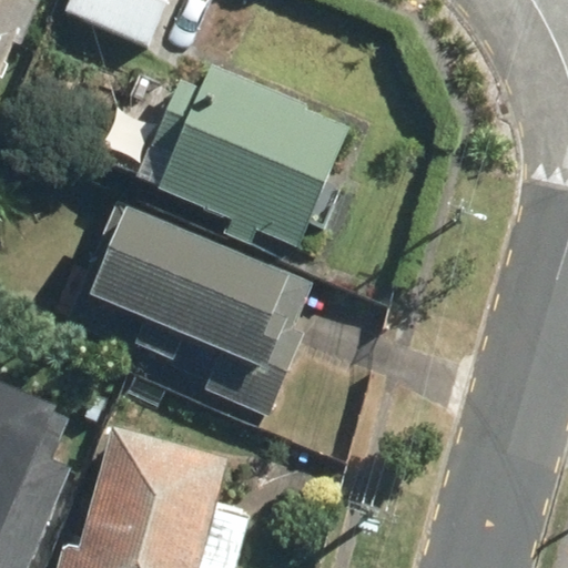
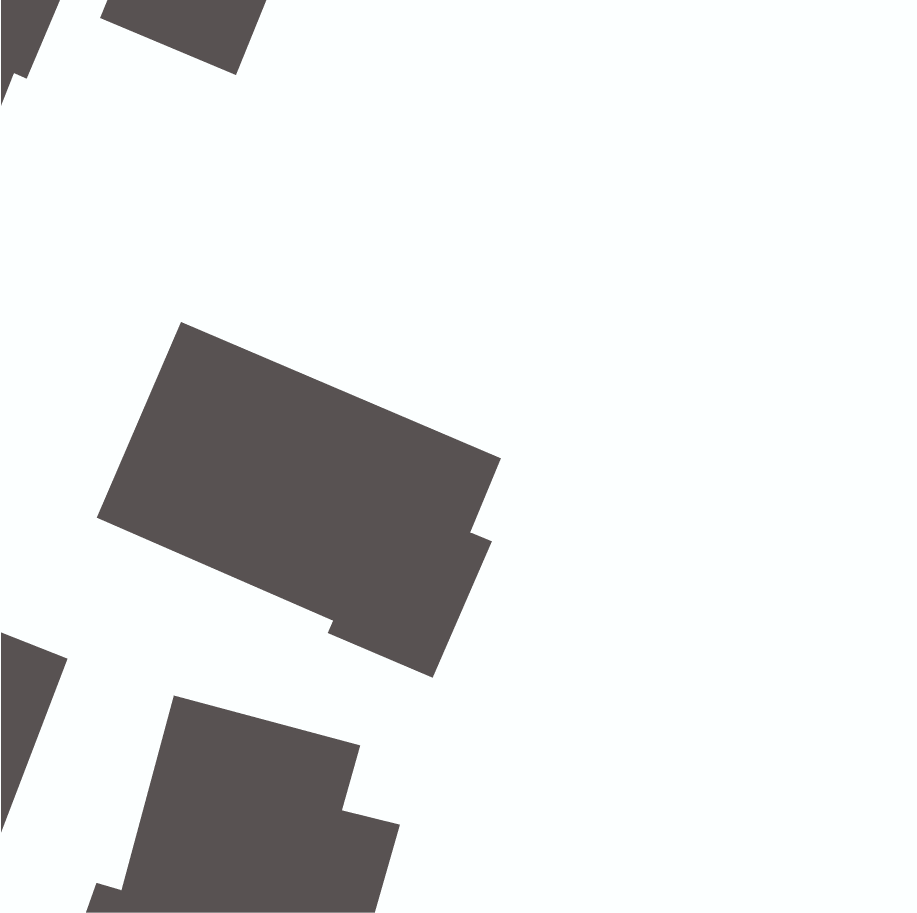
building: [150,68,354,251] -> none

